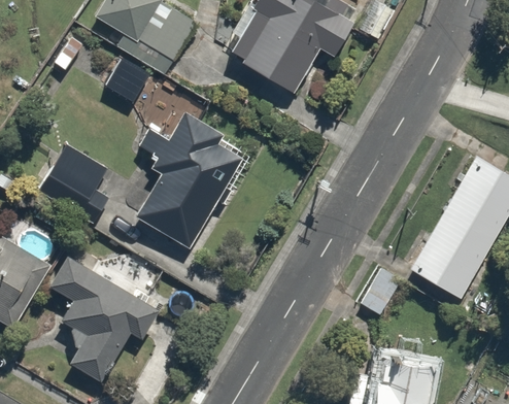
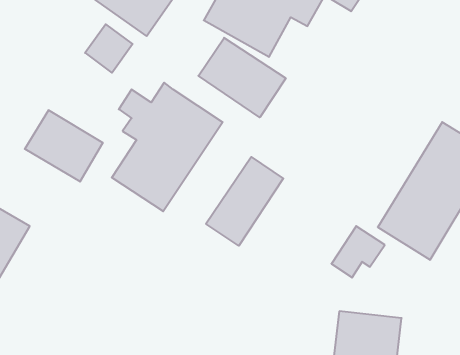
building: none -> [198,38,286,117]
building: none -> [206,157,283,246]
building: [47,250,157,386] -> none

